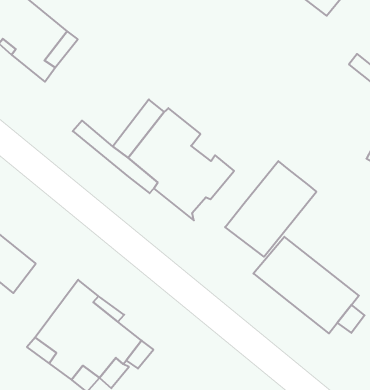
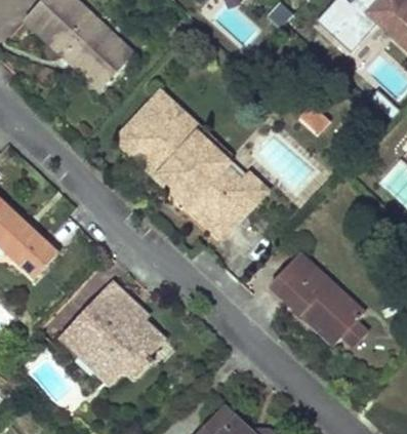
building: none -> [123,93,186,159]
building: [225,161,316,257] -> none

